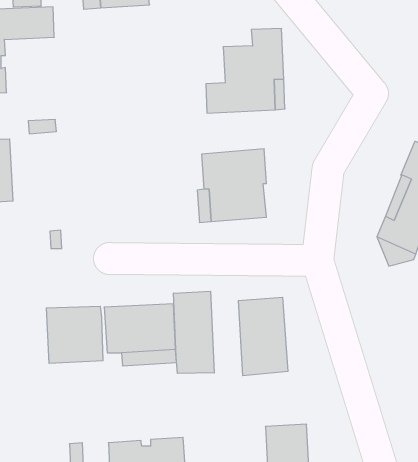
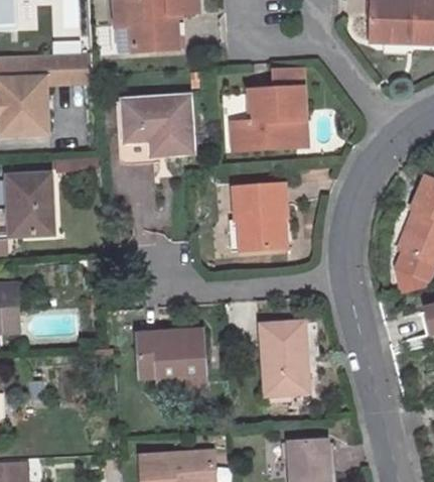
building: none -> [125,97,193,155]
building: [174,291,214,373] -> none
building: [46,306,103,363] -> none

